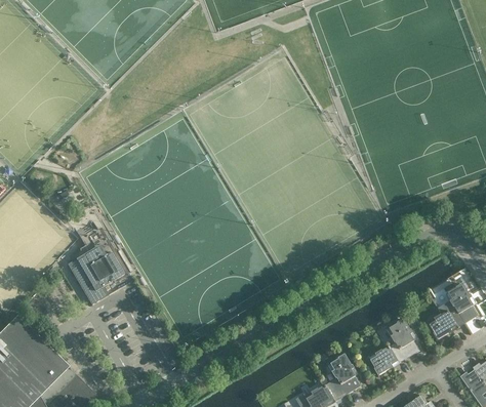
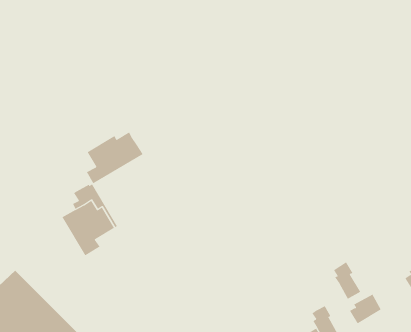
building: none -> [86,132,143,184]
building: [389,318,418,358] -> [333,262,361,299]

